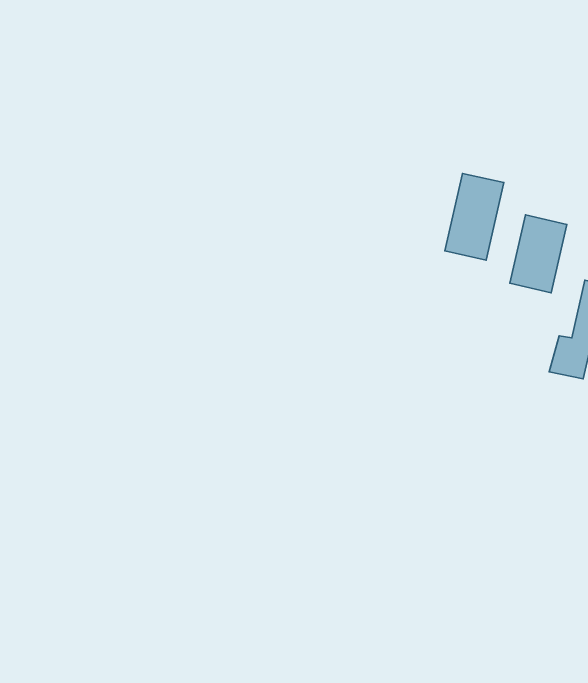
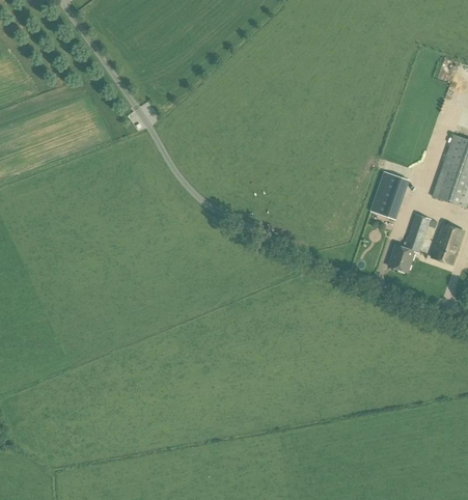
building: [445,173,504,260] -> none

